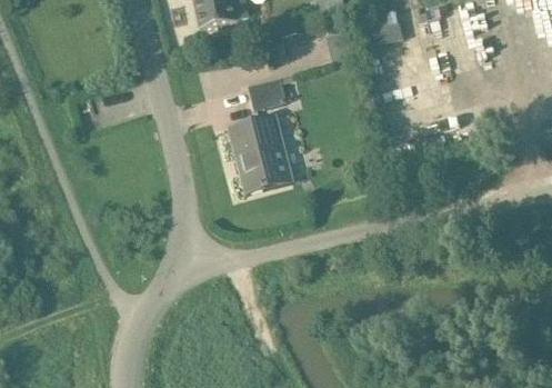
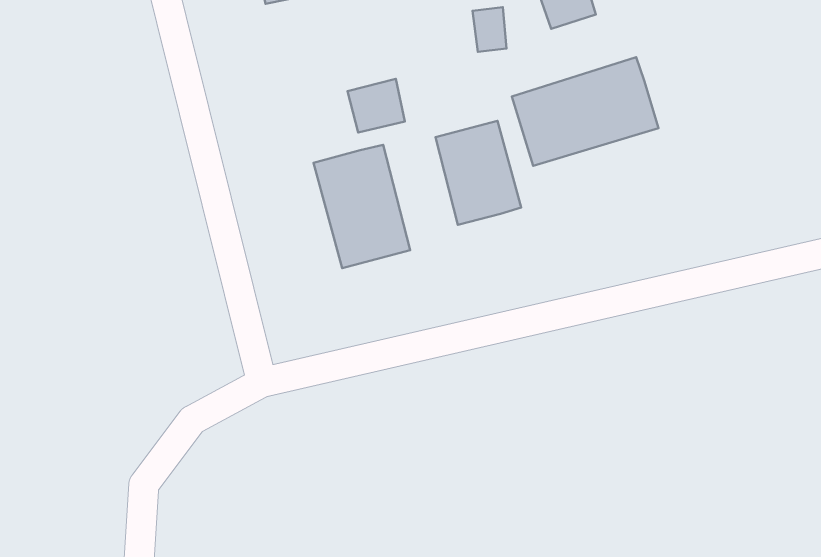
building: none -> [512,57,659,166]
building: none -> [436,121,521,225]

